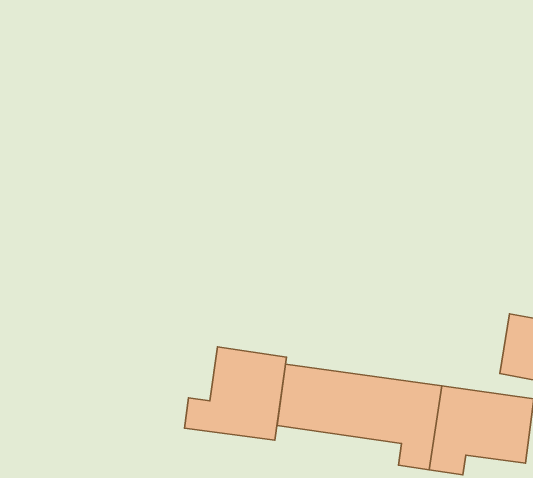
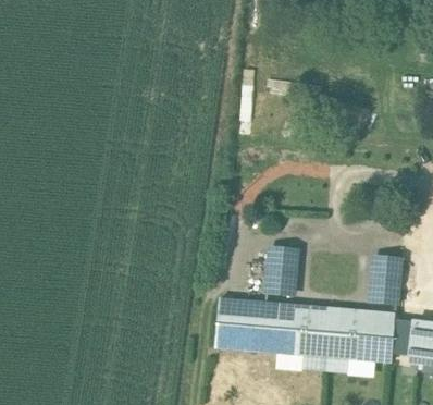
building: none -> [267,249,298,295]
building: [185,347,286,440] -> none

